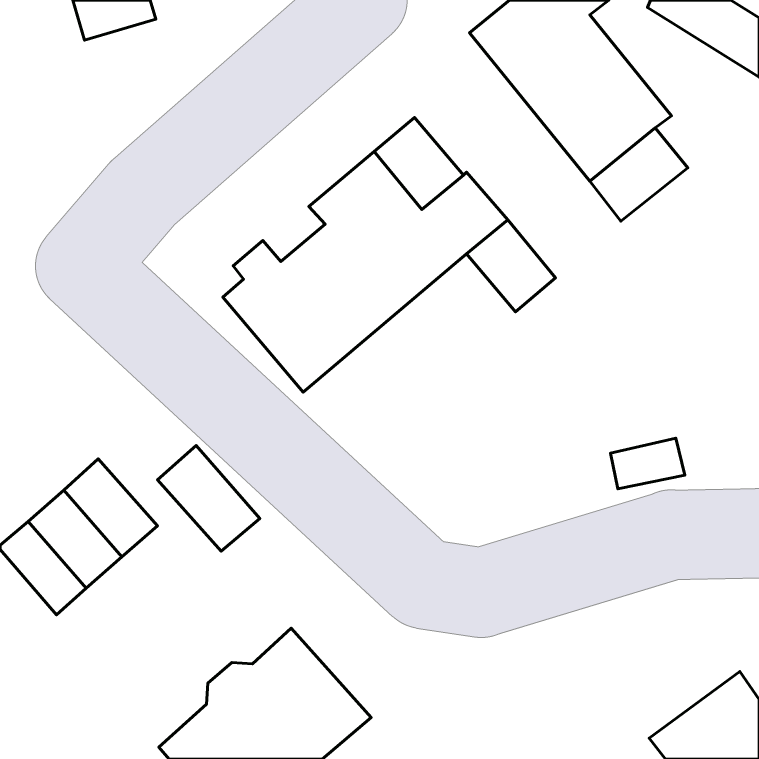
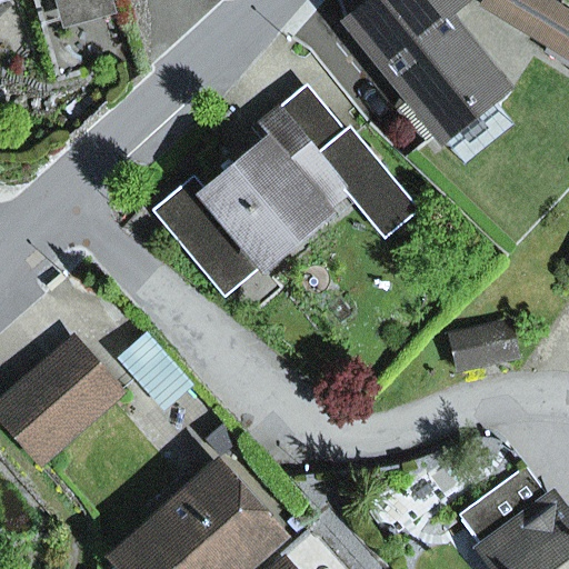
building: none -> [460,467,553,552]

